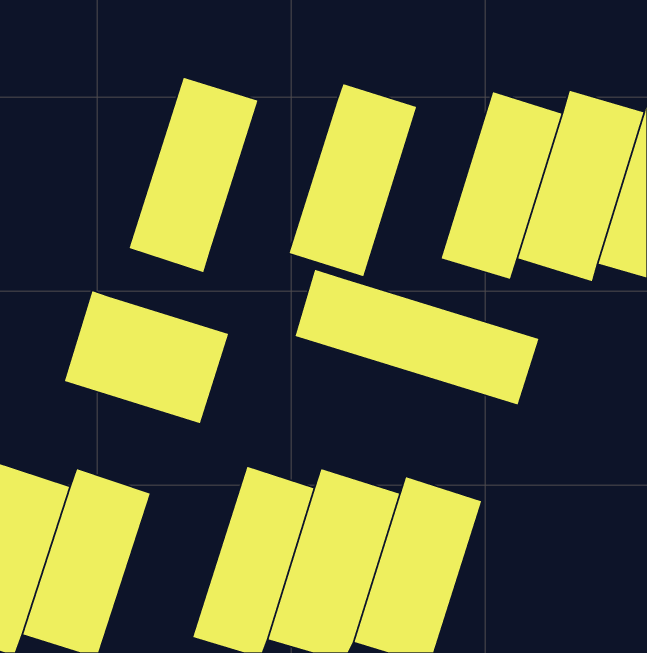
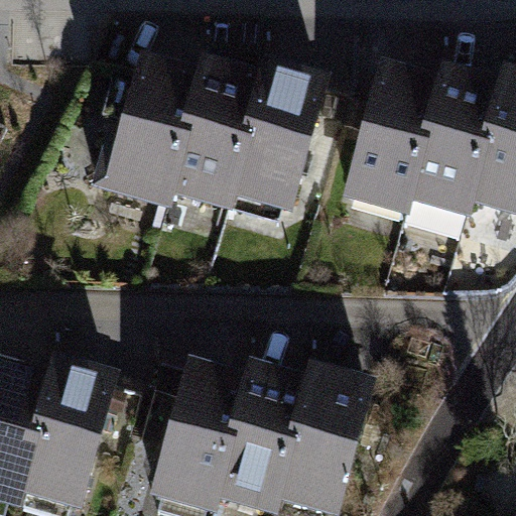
building: none -> [163,60,261,212]
building: [295,269,539,406] -> none
building: [64,290,229,424] -> none

